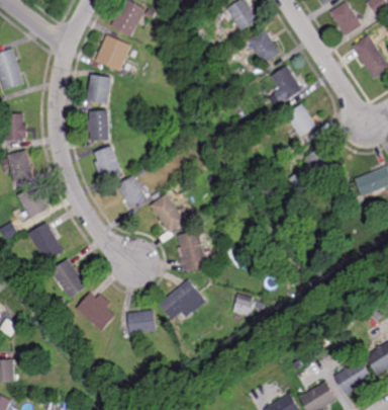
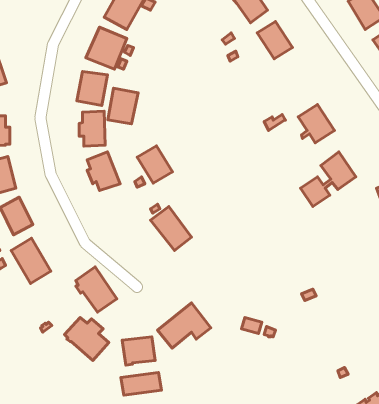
building: [270,65,301,103] -> none
building: none -> [108,88,138,124]
building: [118,175,150,209] -> [137,146,172,183]
building: [179,231,206,272] -> none
building: [51,259,87,300] -> [76,267,117,312]
building: none -> [121,372,161,395]

